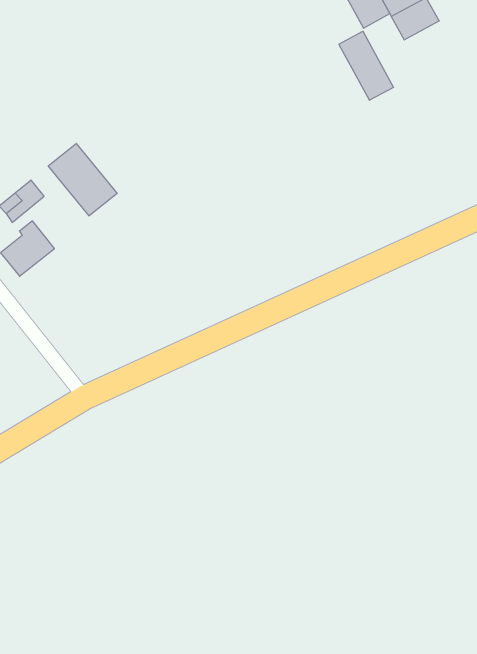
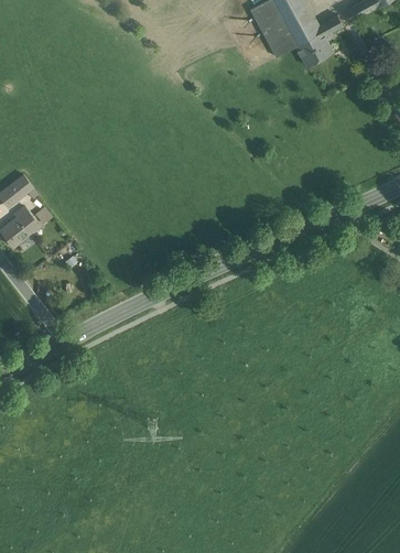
building: [339,31,394,100] -> none
building: [48,143,117,216] -> none

